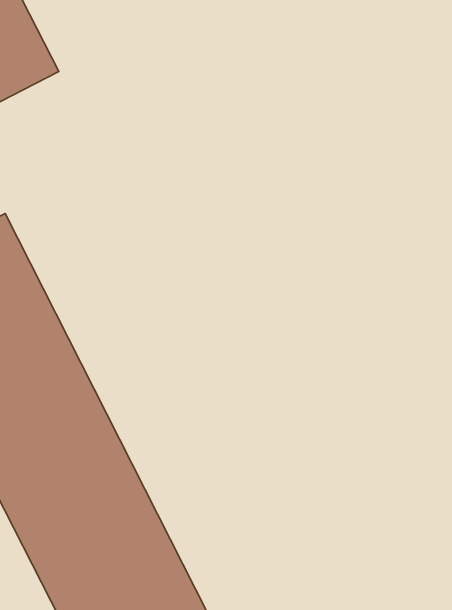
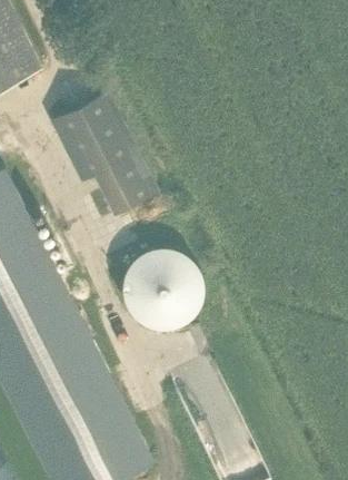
building: none -> [51,89,161,212]
building: none -> [125,246,206,327]

